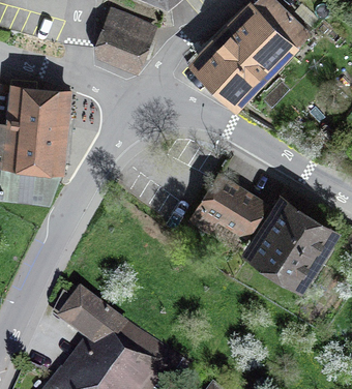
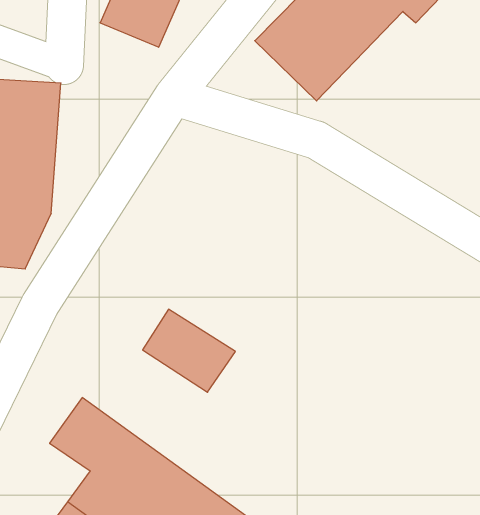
building: [199,176,258,229] -> [143,309,235,392]
building: [248,201,329,280] -> none

